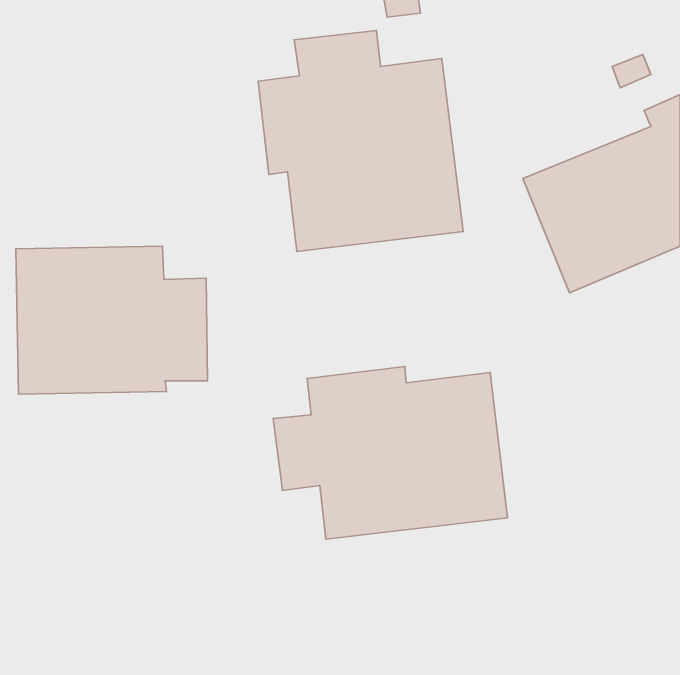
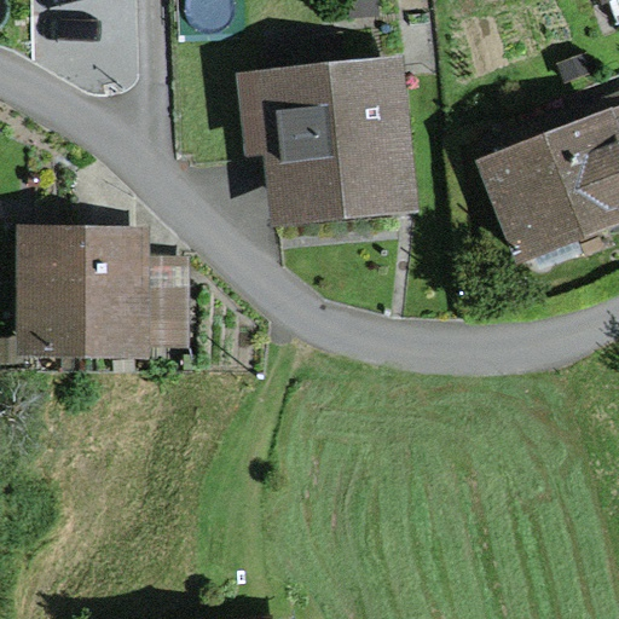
building: [273,366,507,539] -> none

